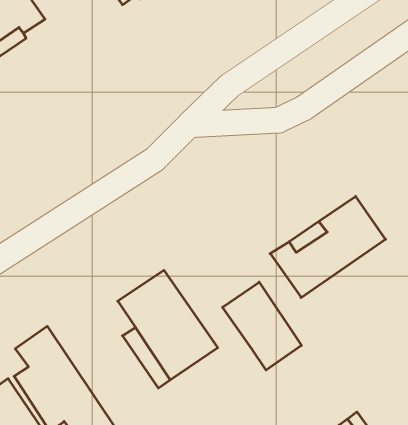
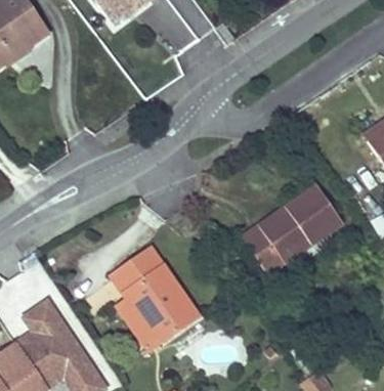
building: [223,282,301,370] -> none

